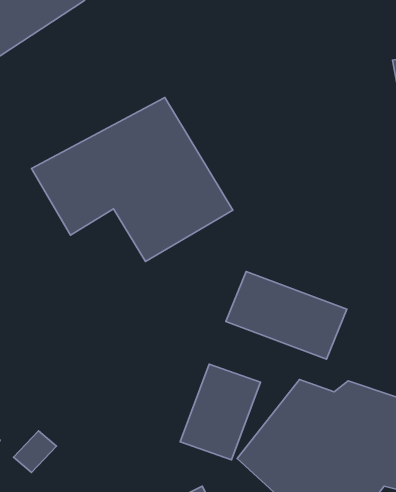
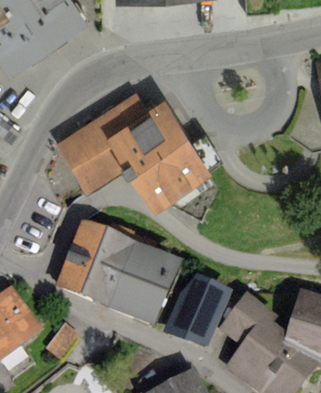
building: [226,271,347,359] -> none
building: none -> [50,229,169,331]

